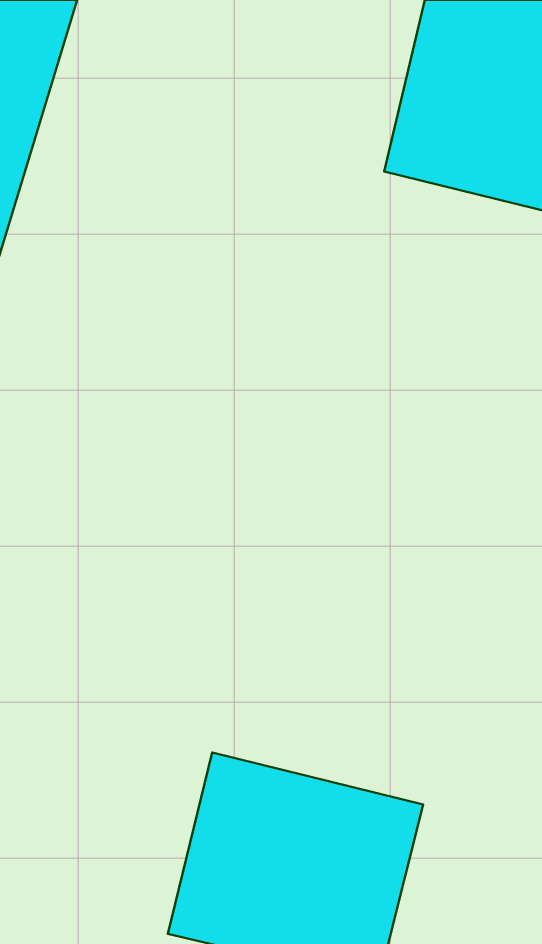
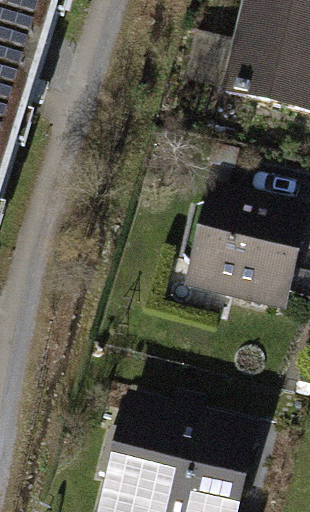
building: none -> [190,192,298,304]

